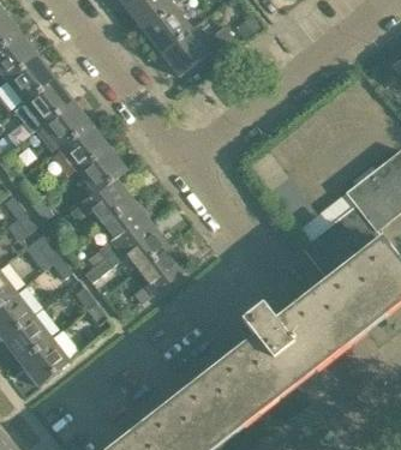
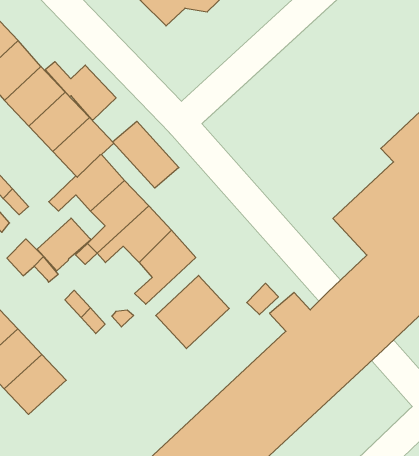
building: none -> [45,62,116,120]
building: none -> [113,121,179,188]
building: none -> [37,218,91,271]
building: none -> [156,275,229,349]

